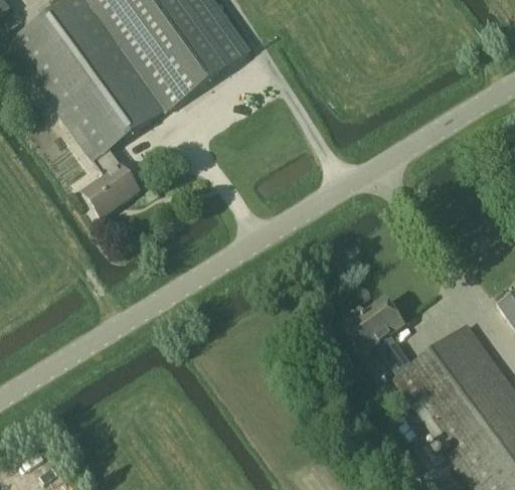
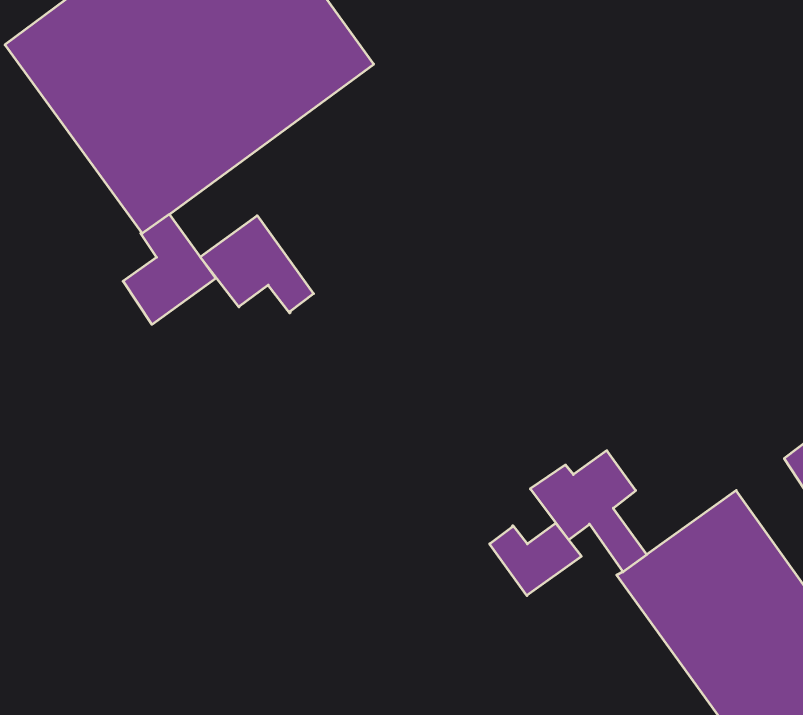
building: none -> [200,216,314,313]
building: none -> [490,523,581,596]

